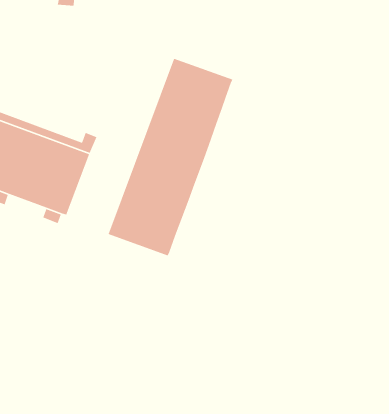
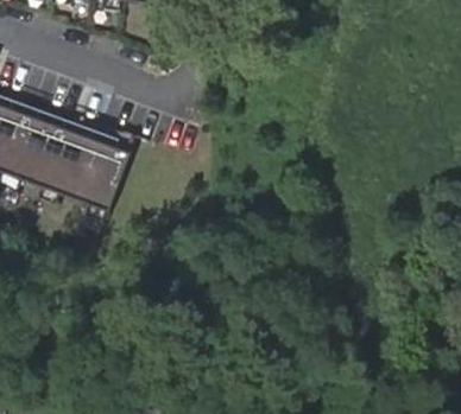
building: [108,58,233,256] -> none

